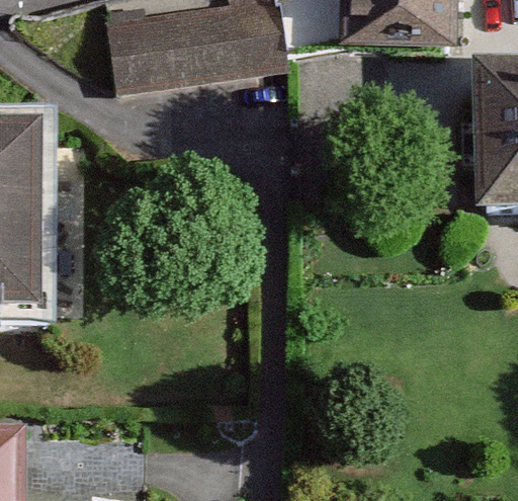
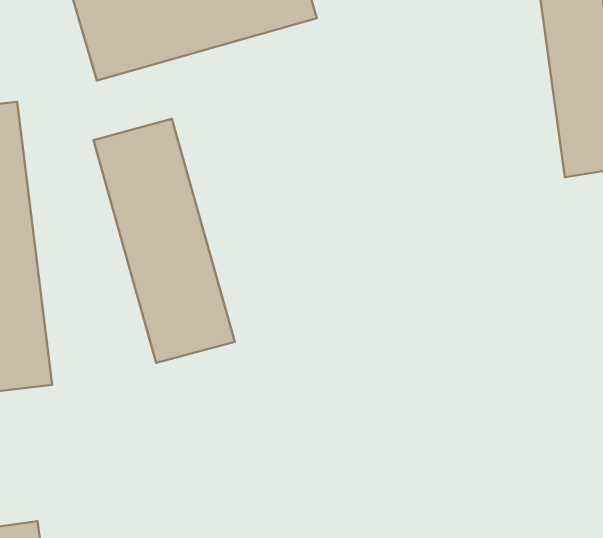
building: none -> [93,119,235,363]

